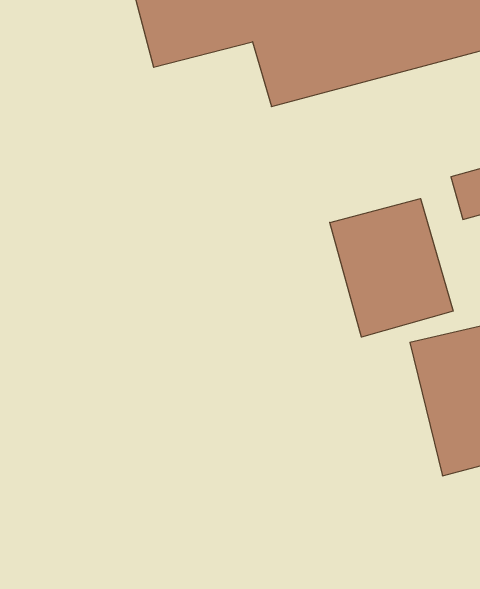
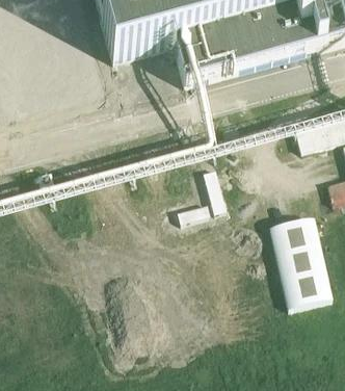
building: [330,199,453,337] -> none

